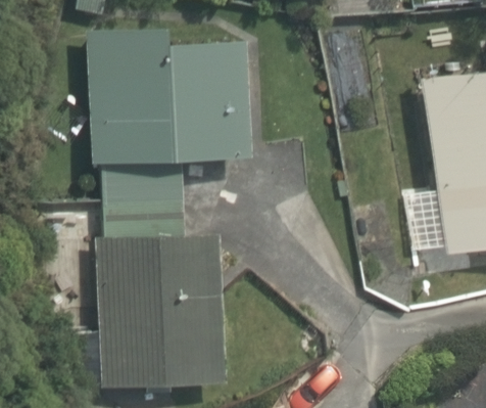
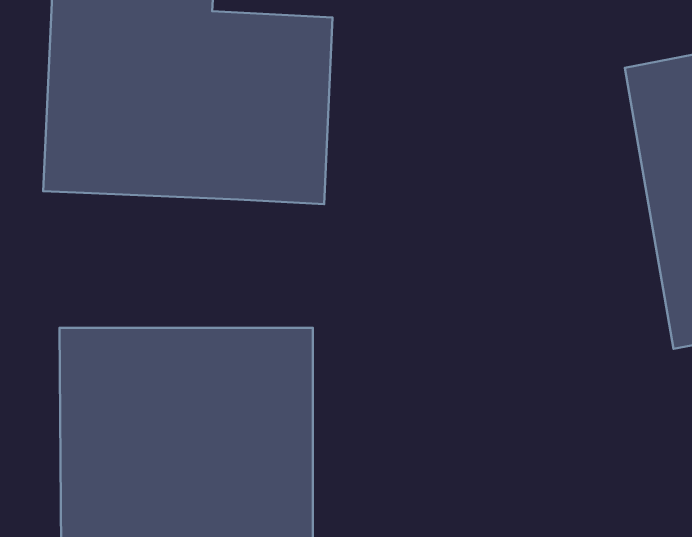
building: [91,161,192,236] -> none

